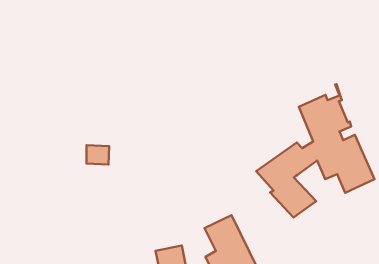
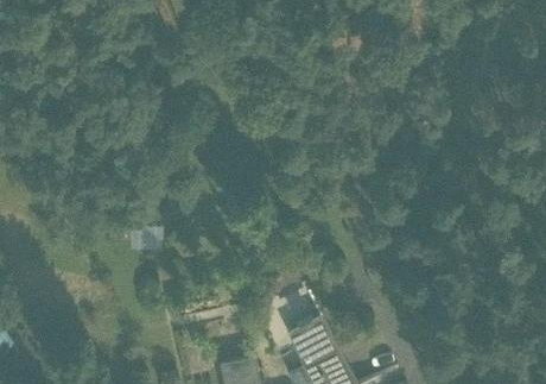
building: [256,84,374,217] -> none

